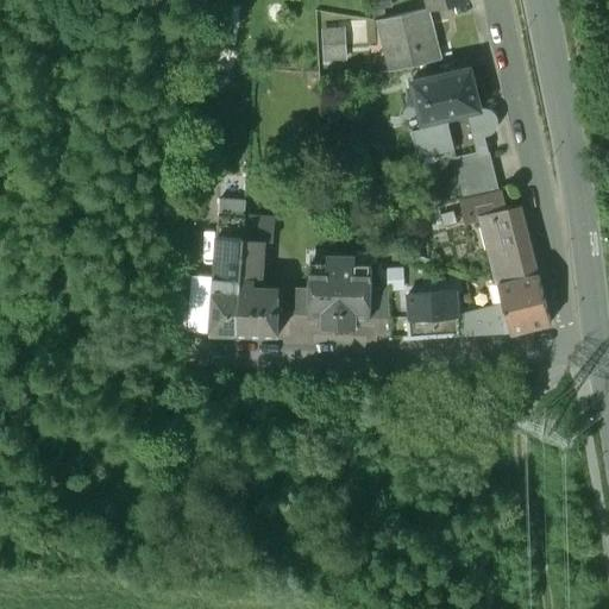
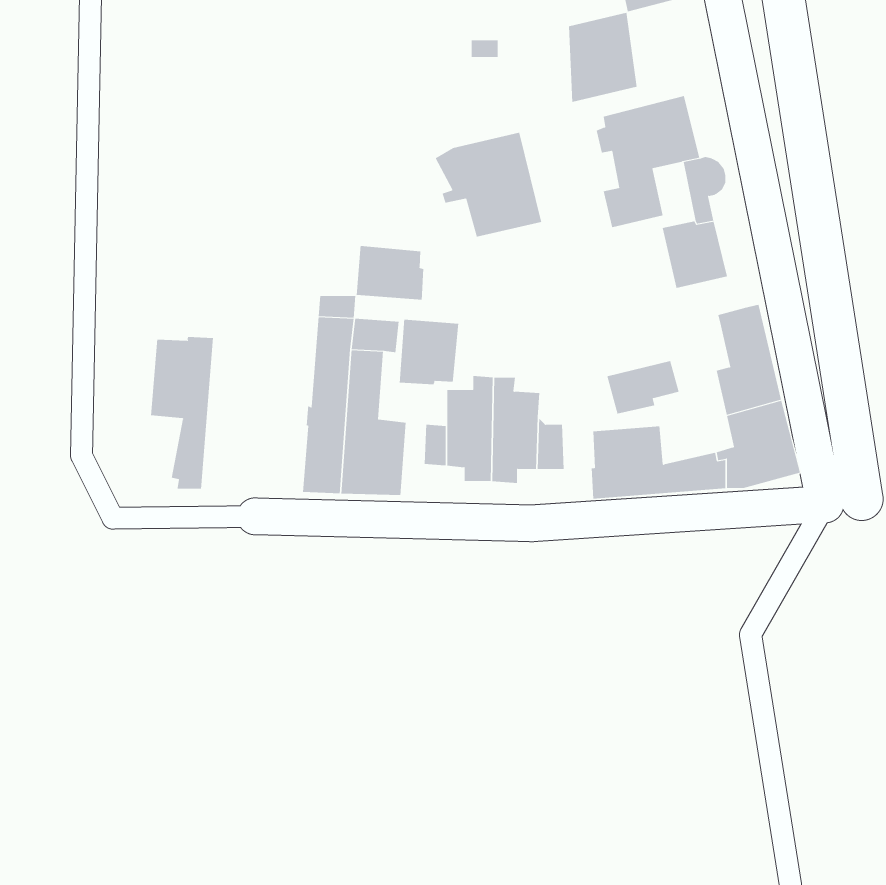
building: none -> [435,132,542,237]
building: none -> [356,245,424,300]
building: [459,189,509,226] -> [606,360,679,414]
building: none -> [399,319,459,385]
building: none -> [151,336,214,490]

